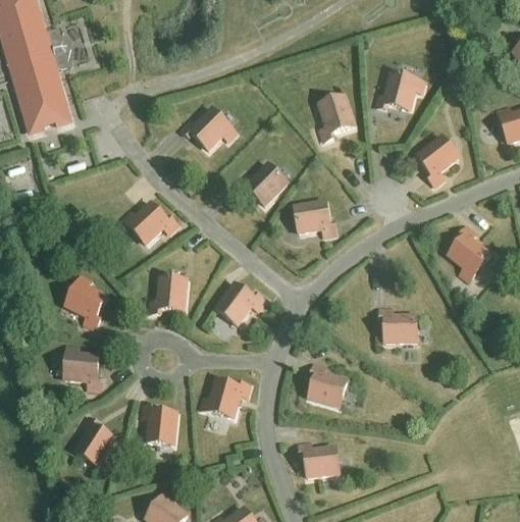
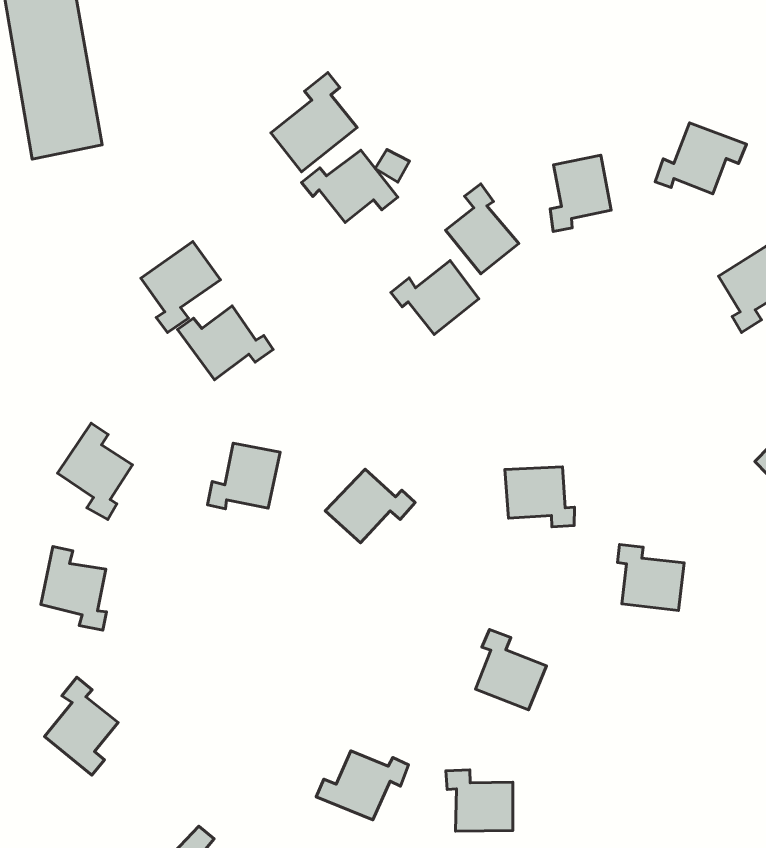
building: none -> [271,73,357,172]
building: none -> [446,184,519,274]
building: none -> [141,242,220,333]
building: [294,201,335,234] -> [505,467,575,527]
building: [200,380,249,417] -> [316,751,409,820]
building: [143,405,176,445] -> none

